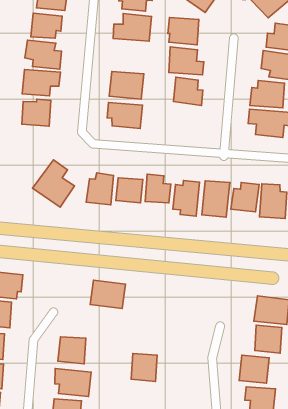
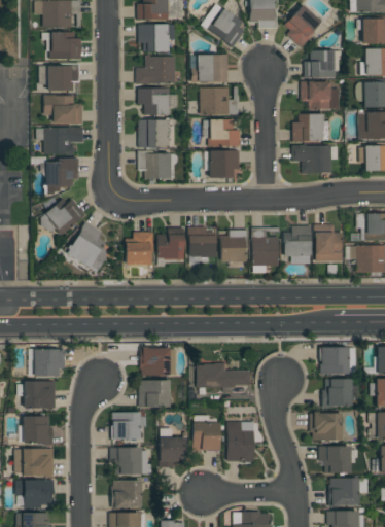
building: none -> [138,89,175,115]
building: none -> [209,150,238,178]
building: none -> [39,205,81,236]
building: none -> [197,363,251,387]
building: none -> [139,381,171,408]
building: none -> [227,422,254,461]
building: none -> [160,437,186,466]

